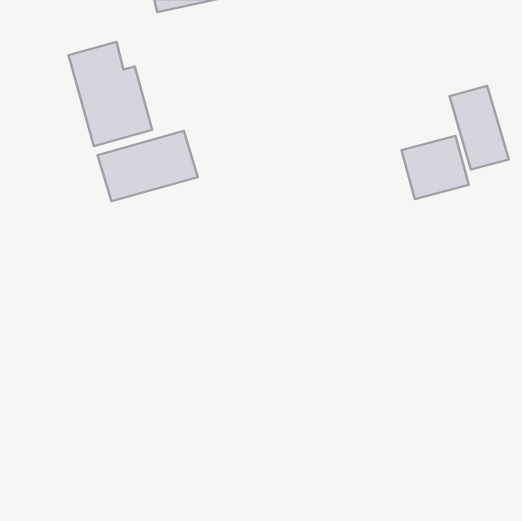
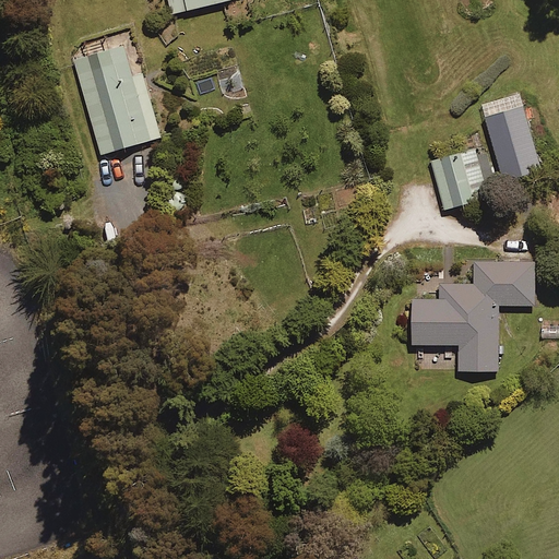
building: [97,131,198,201] -> none
building: none -> [411,261,535,370]

